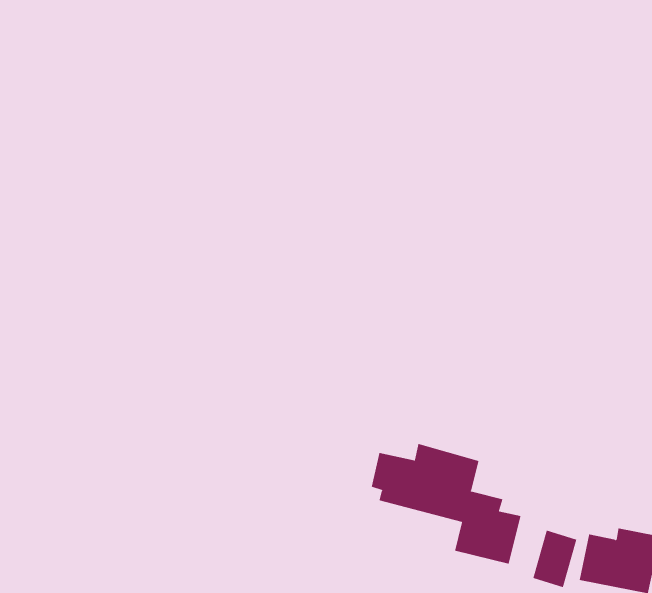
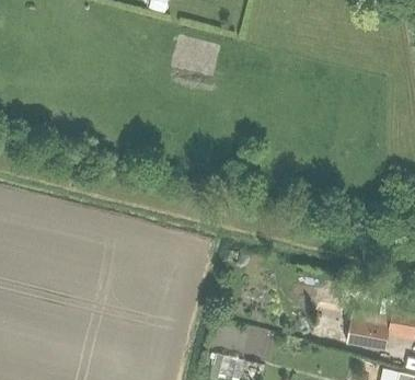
building: [371,443,521,564] -> none

